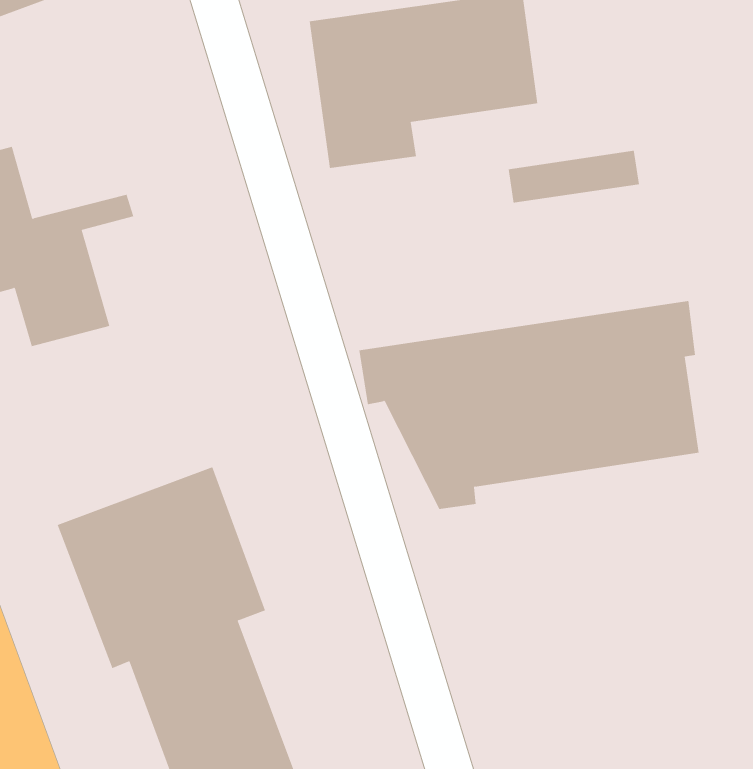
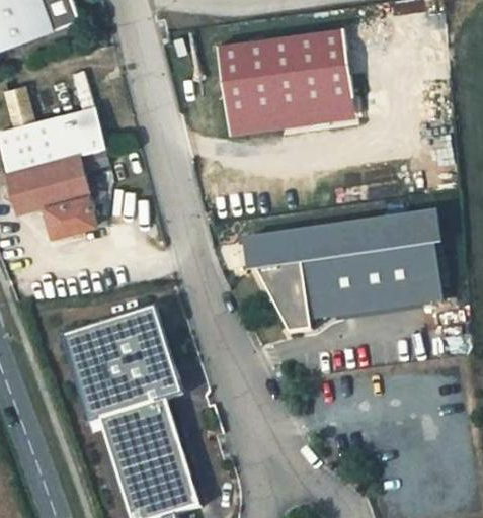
building: none -> [36,104,104,162]
building: [508,150,640,203] -> [272,94,350,125]

